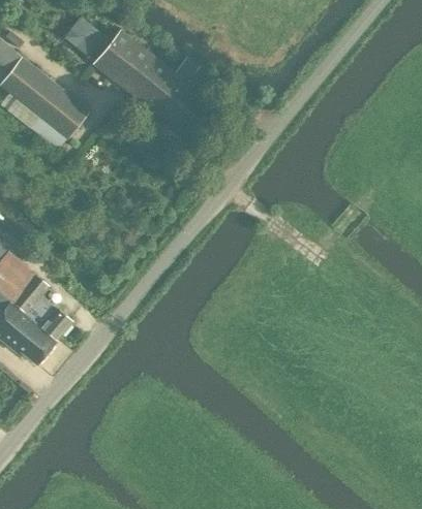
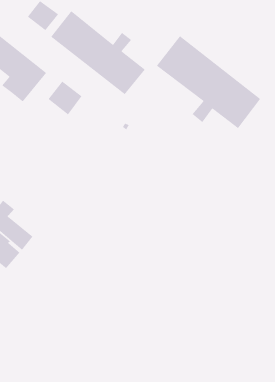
building: none -> [156,35,261,129]
building: none -> [47,80,83,116]

